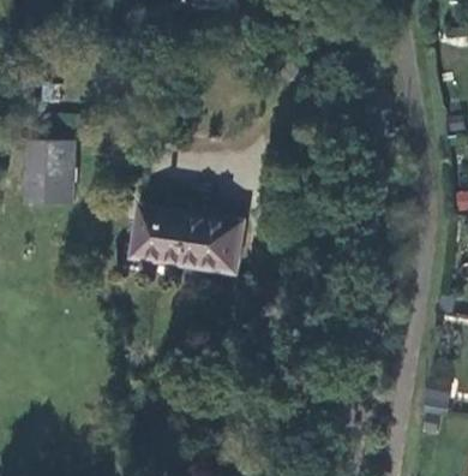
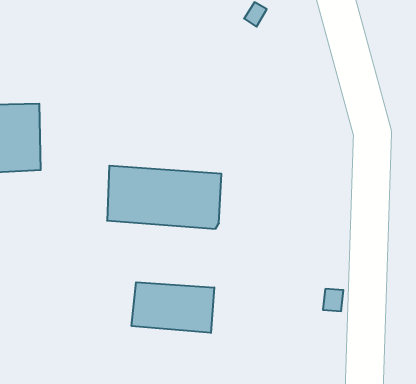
building: none -> [132,282,214,333]

